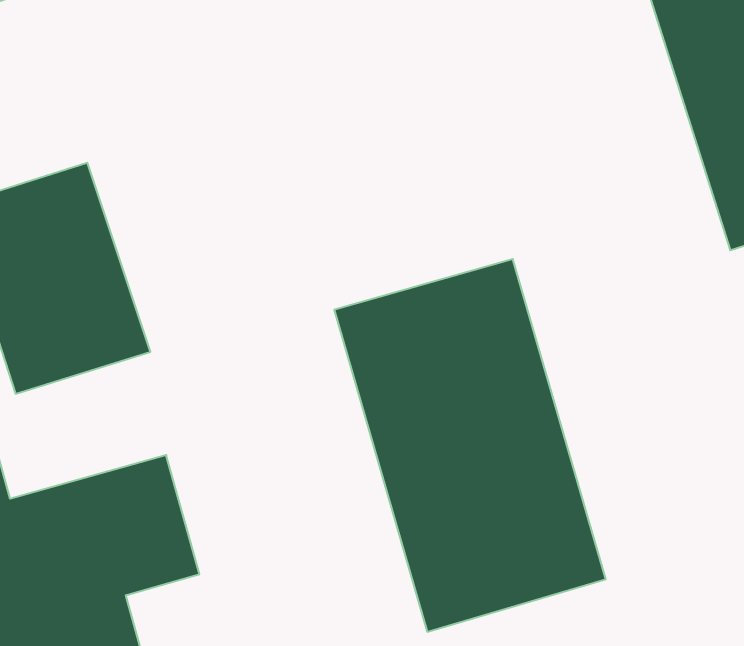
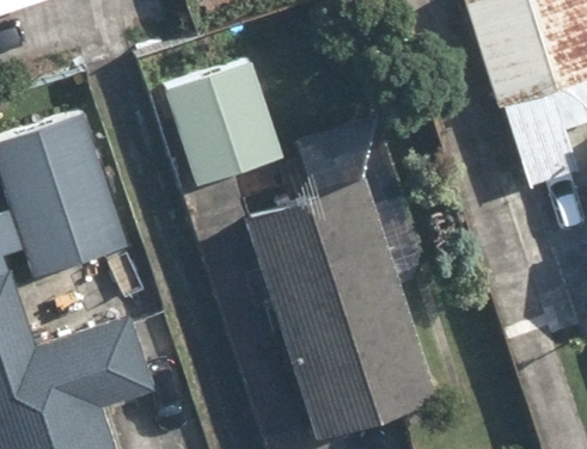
building: none -> [165,55,286,187]

